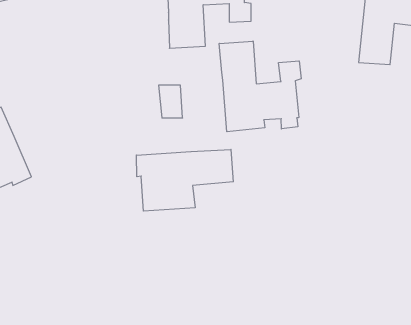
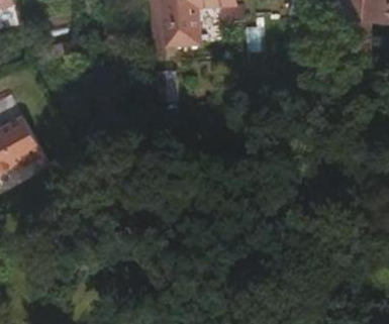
building: [219,41,301,132] -> none
building: [136,149,233,211] -> none

